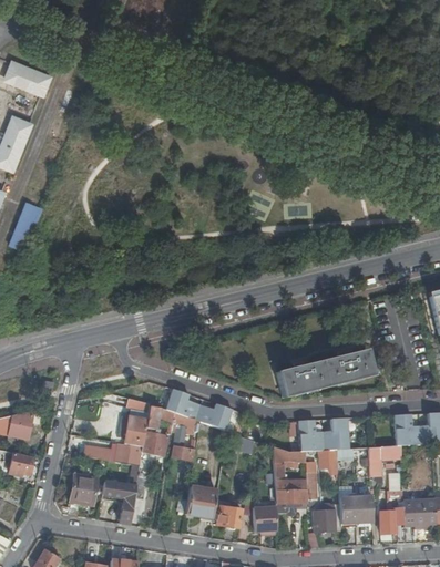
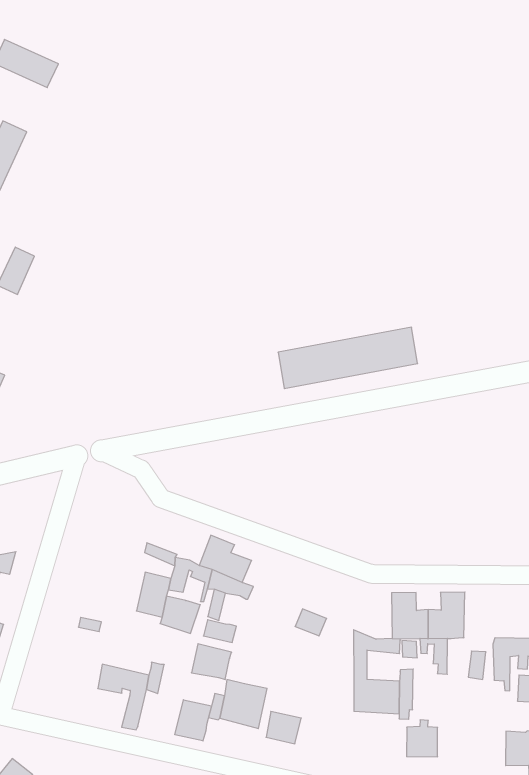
building: [276,351,371,398] -> [278,327,418,389]
building: [195,403,232,430] -> none
building: [115,442,142,465] -> [191,644,232,680]
building: [69,474,98,507] -> none
building: [339,496,372,524] -> none
building: none -> [175,700,211,741]
building: [253,506,277,535] -> none

